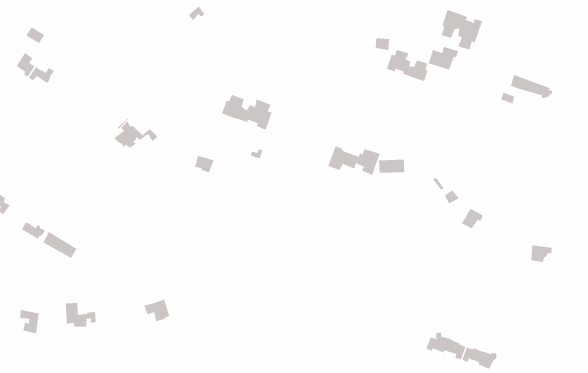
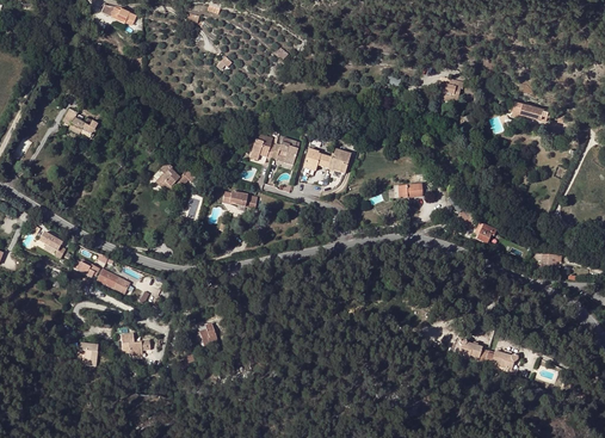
building: [441,9,483,50] -> none
building: [386,49,428,82] -> none
building: [327,146,381,175] -> [302,148,350,173]

